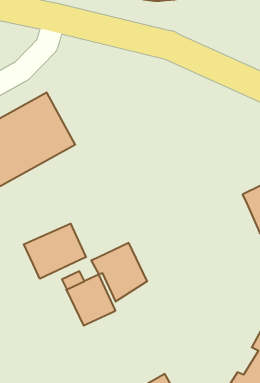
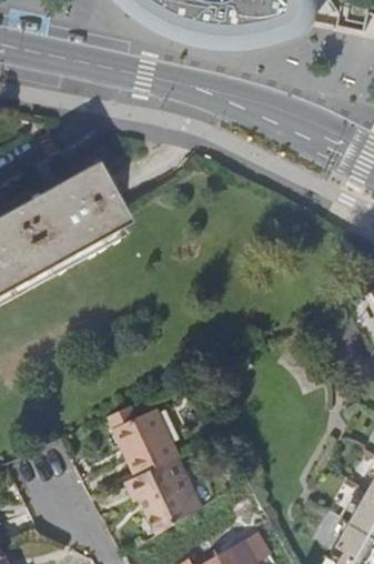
building: [24,224,86,279] -> none
building: [91,243,147,301] -> [129,453,203,531]

